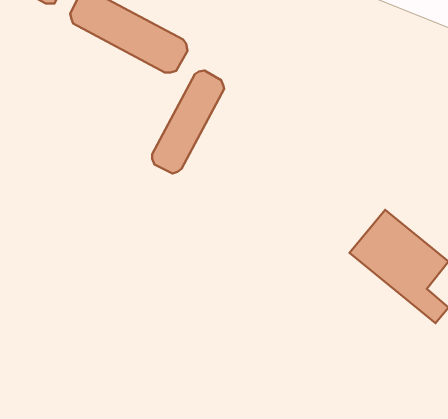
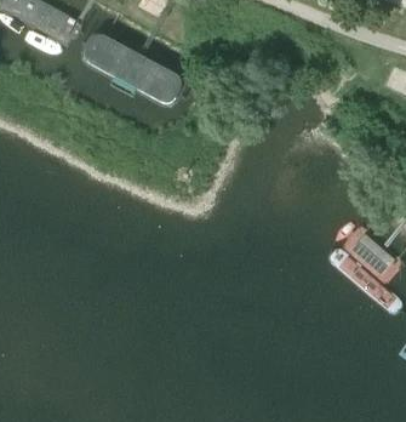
building: [152,71,224,173] -> none

